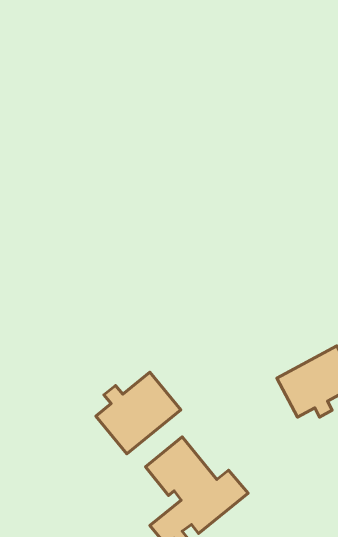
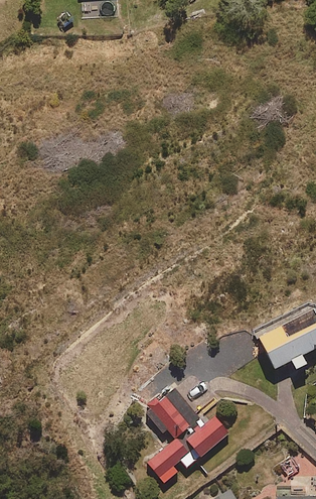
building: [96,372,181,454] -> none

